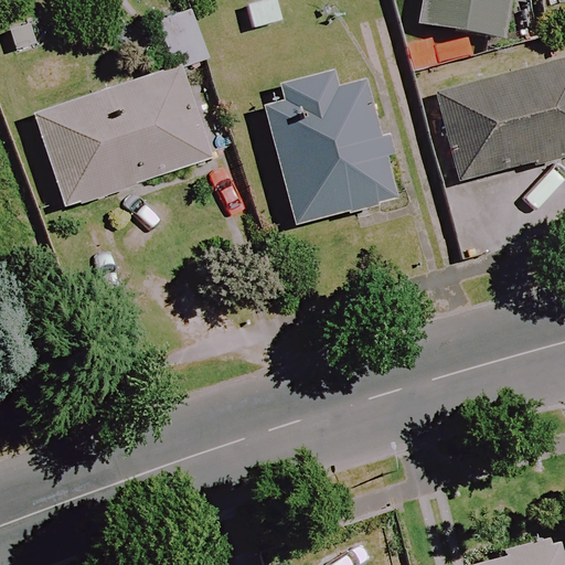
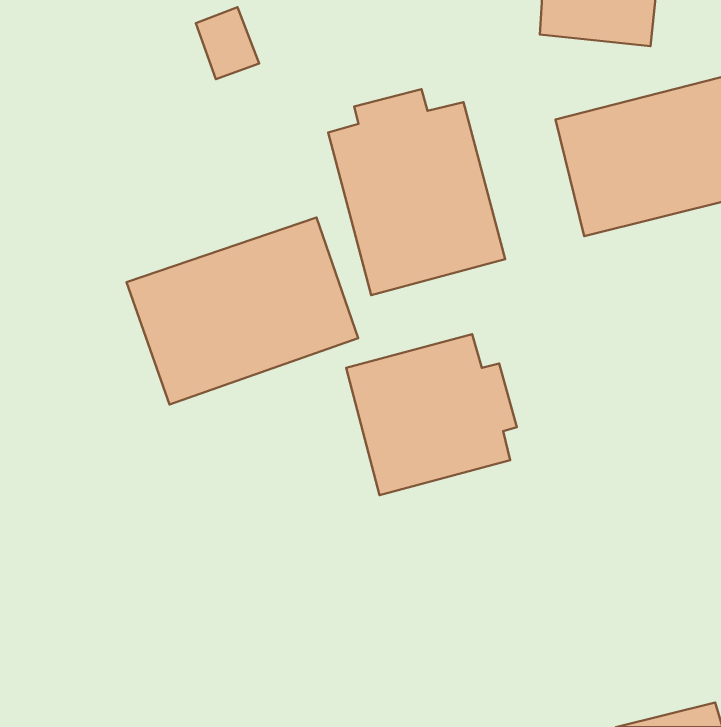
building: [35,64,213,207] -> [126,217,358,404]
building: none -> [346,334,517,495]

